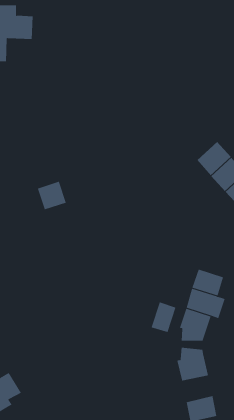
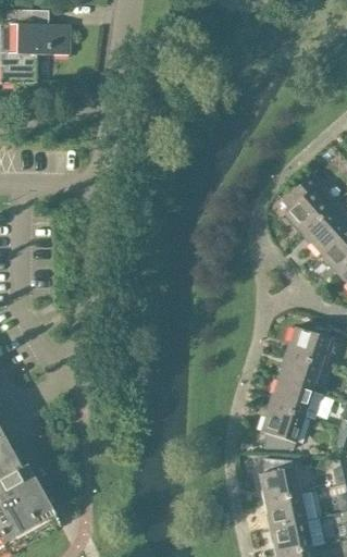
building: [37,181,67,210] -> none
building: none -> [289,325,332,363]
building: [151,302,176,333] -> none
building: none -> [268,492,309,527]

